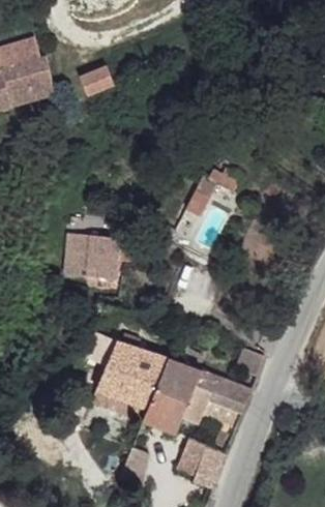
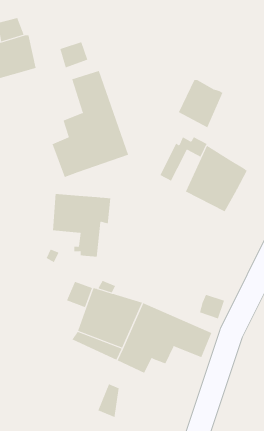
building: none -> [52,70,129,178]
building: none -> [178,79,223,128]
building: none -> [185,145,248,212]
building: [175,438,226,493] -> none

